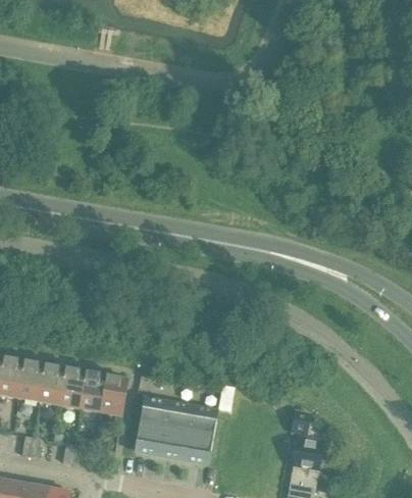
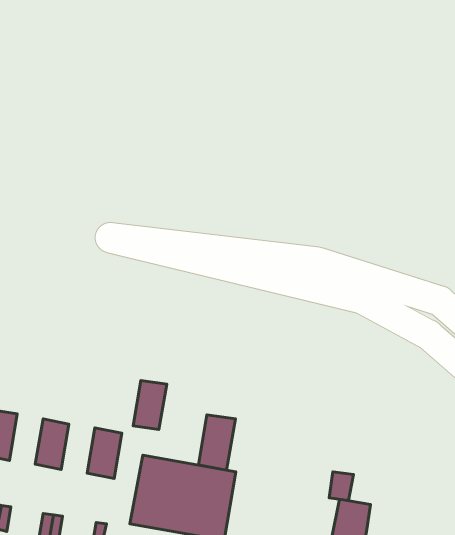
building: [39,364,65,404] -> none
building: none -> [198,415,236,470]
building: [80,372,106,411] -> [133,380,167,430]

